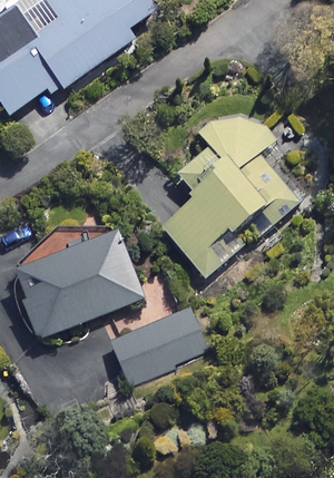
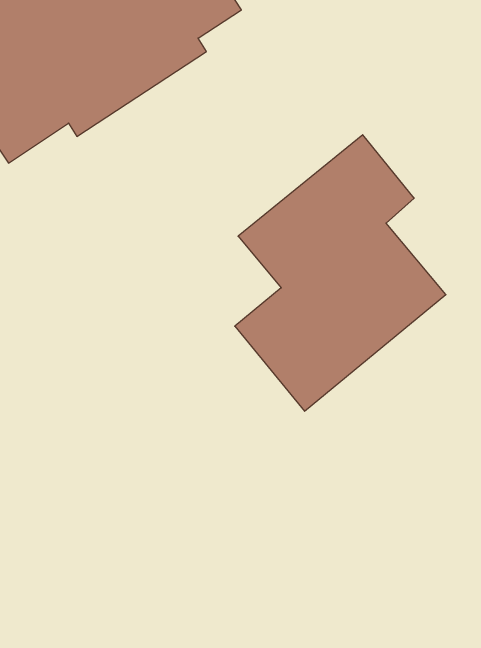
building: [14,228,144,339] -> none
building: [111,310,206,386] -> none

